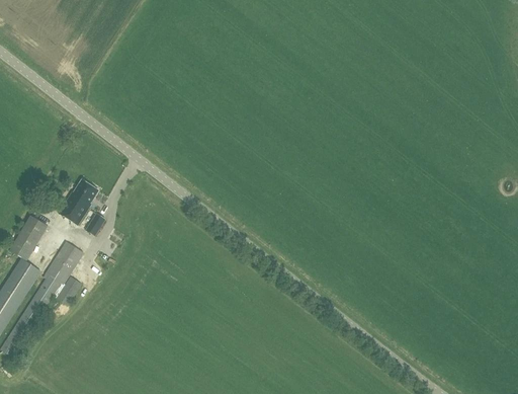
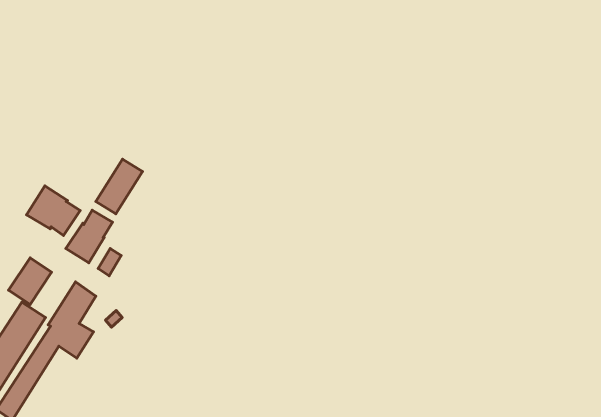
building: none -> [96,159,143,214]
building: none -> [26,186,80,236]

